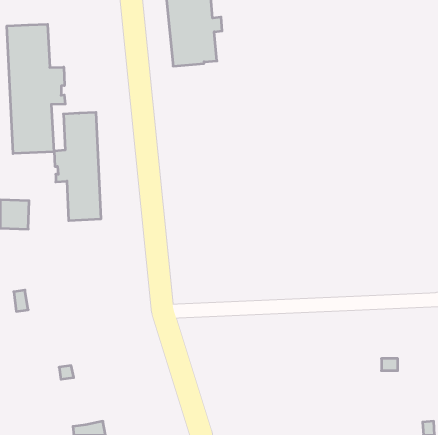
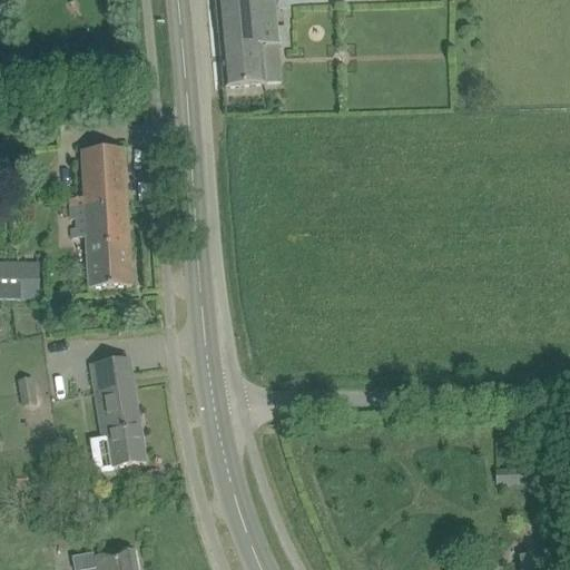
building: [7,24,65,154] -> none
building: none -> [91,355,146,465]

